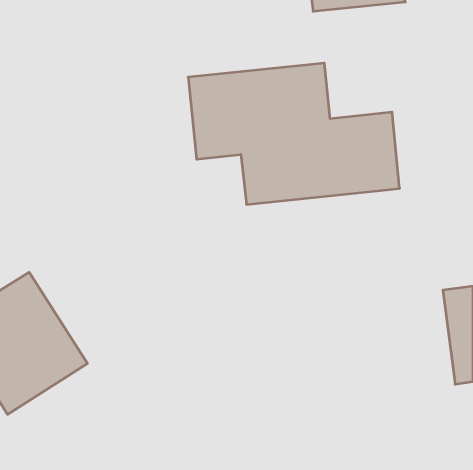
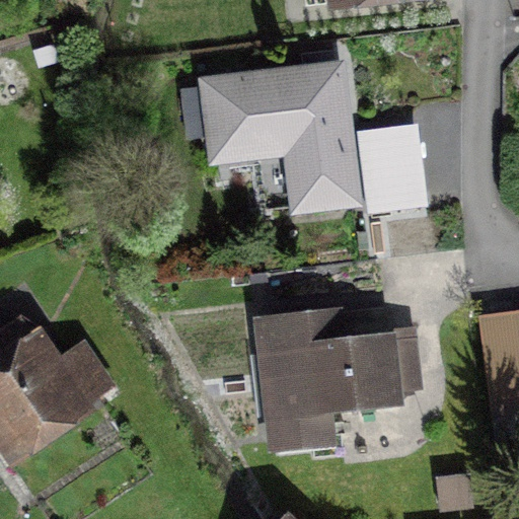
building: none -> [256,309,420,447]

